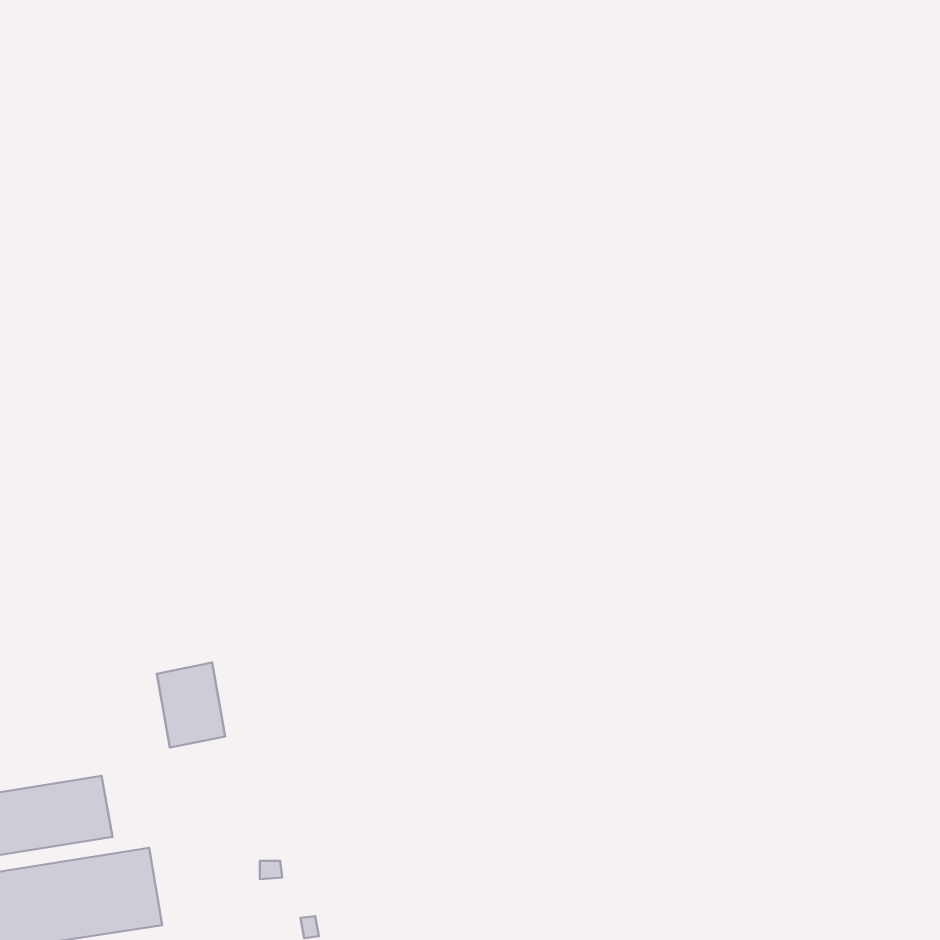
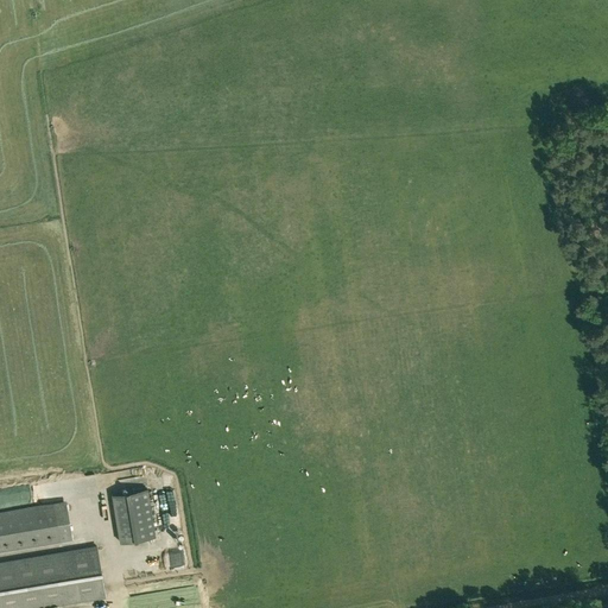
building: [157,663,225,747] -> [110,489,154,544]

